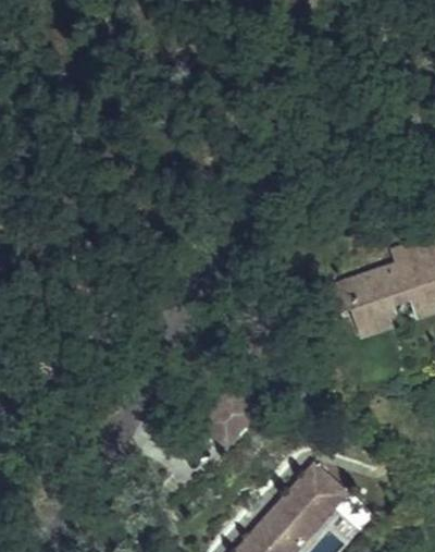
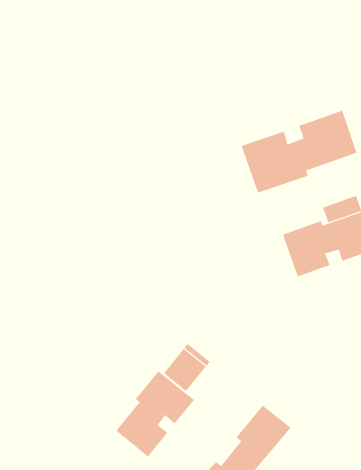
building: none -> [241,110,357,194]
building: none -> [115,371,195,458]

